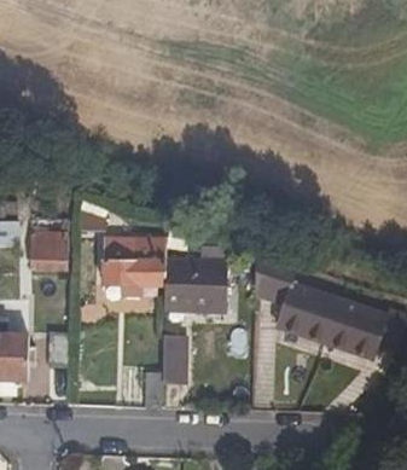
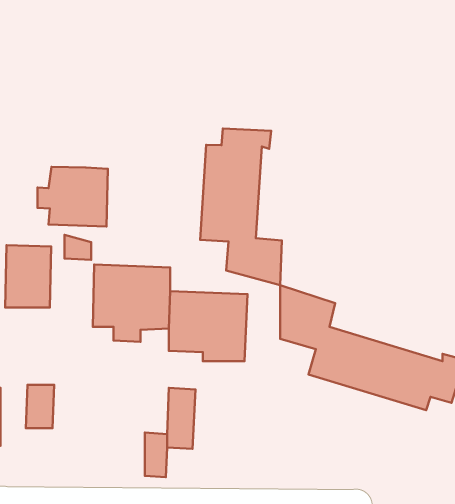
building: none -> [200,129,282,285]
building: none -> [37,167,108,227]

